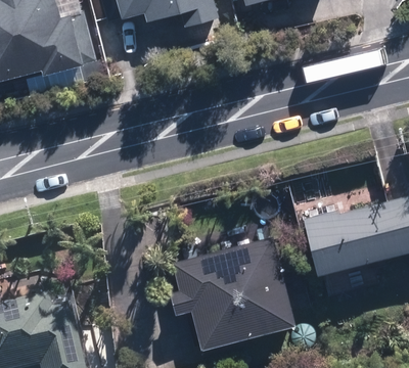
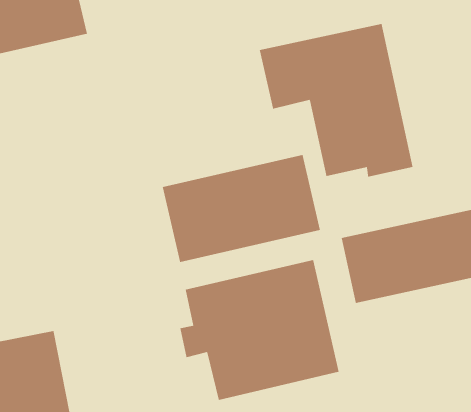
building: none -> [259,23,413,177]
building: none -> [162,154,320,263]

